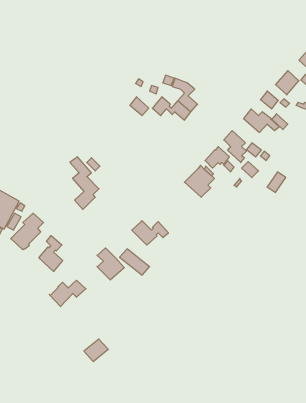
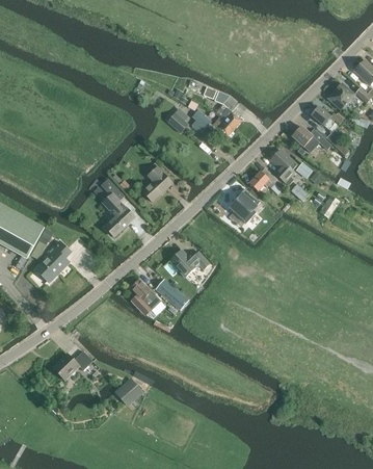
building: none -> [142,167,168,202]
building: [39,236,63,271] -> none
building: [49,280,86,307] -> [52,351,92,381]

